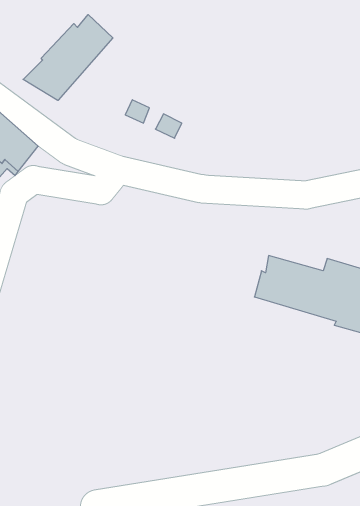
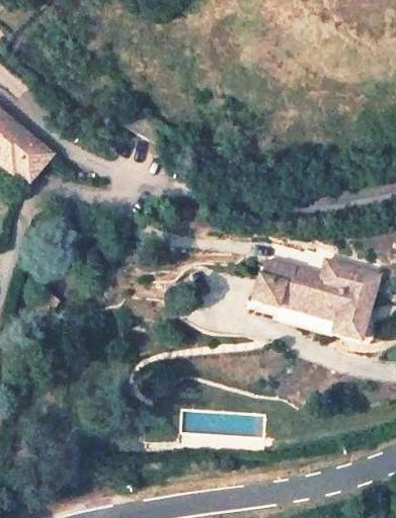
building: [23,15,113,100] -> none

